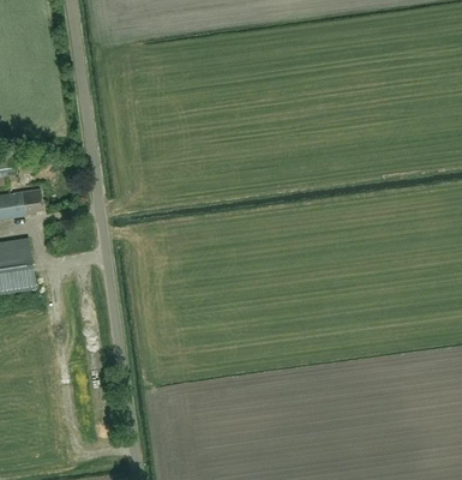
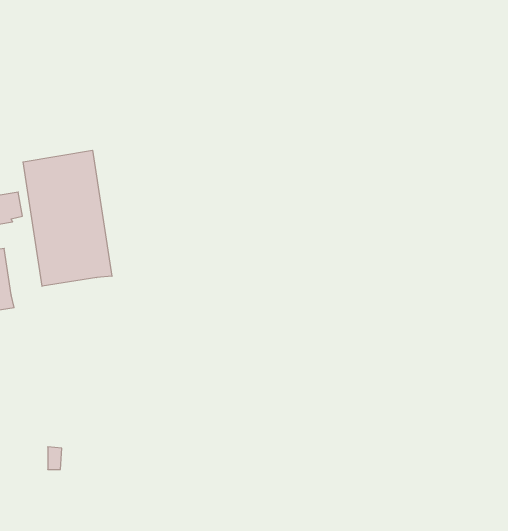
building: none -> [23,150,112,286]

